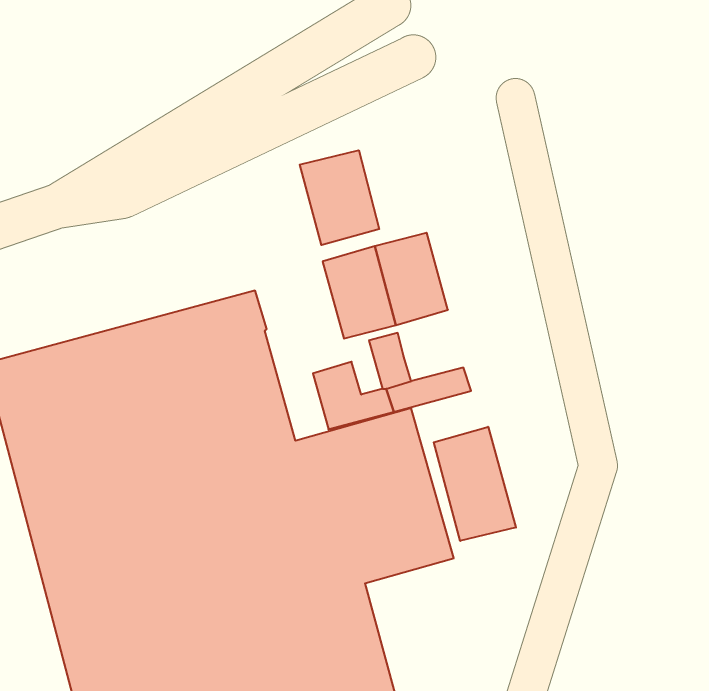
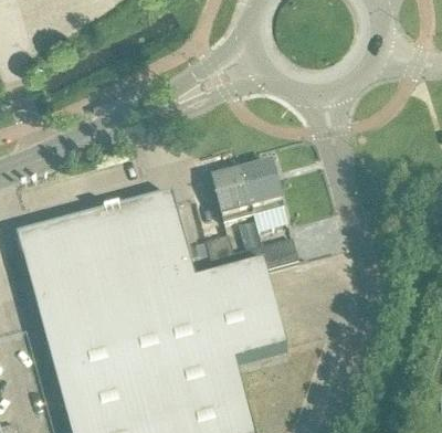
building: [300,150,379,245] -> none
building: [434,427,516,541] -> none

